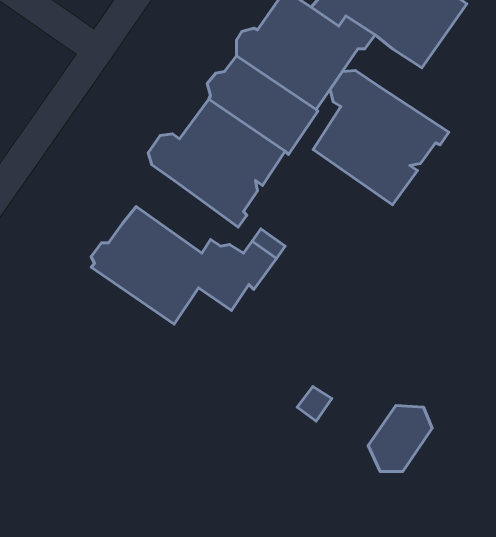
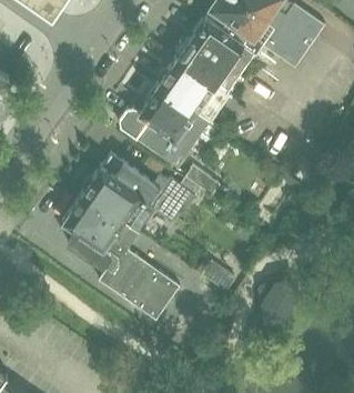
building: [313,70,449,205] -> none
building: none -> [63,194,180,321]

